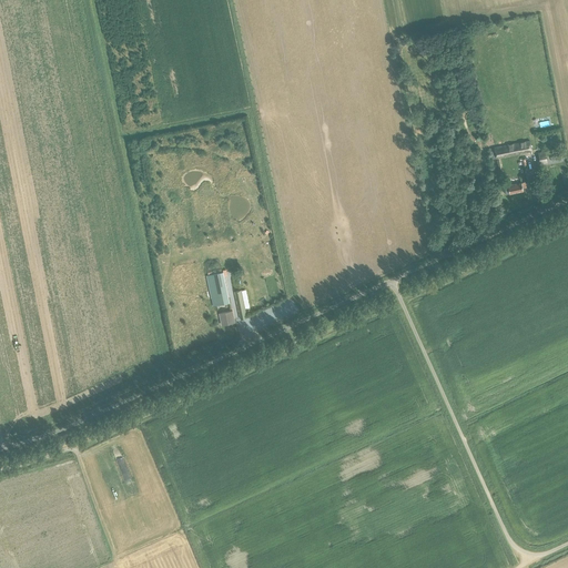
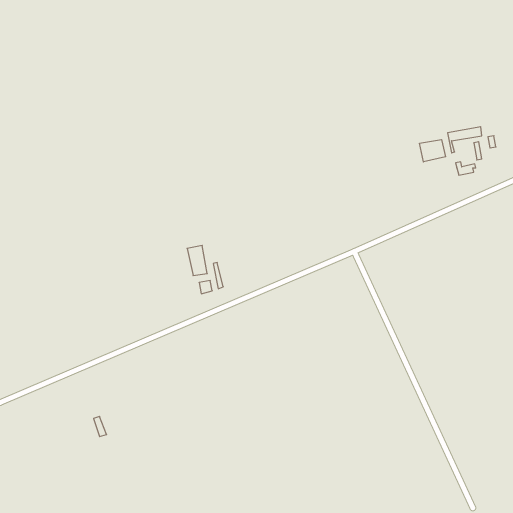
building: none -> [420,140,446,162]

